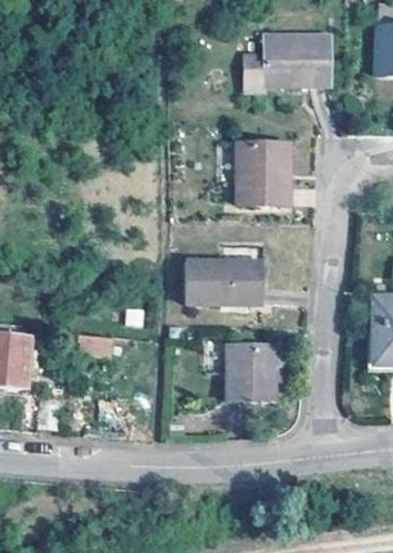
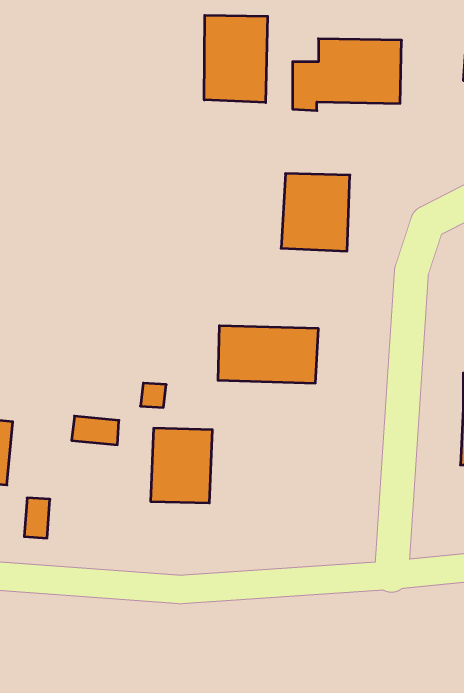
building: none -> [204,15,268,103]
building: [225,342,272,400] -> [151,428,212,503]

